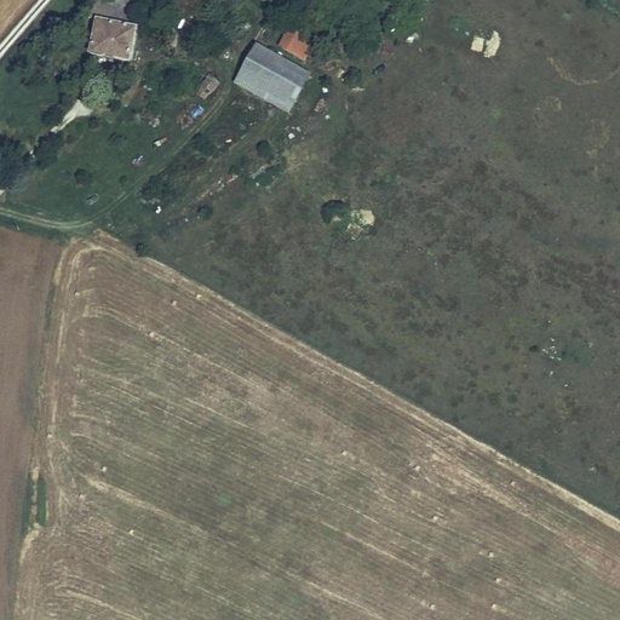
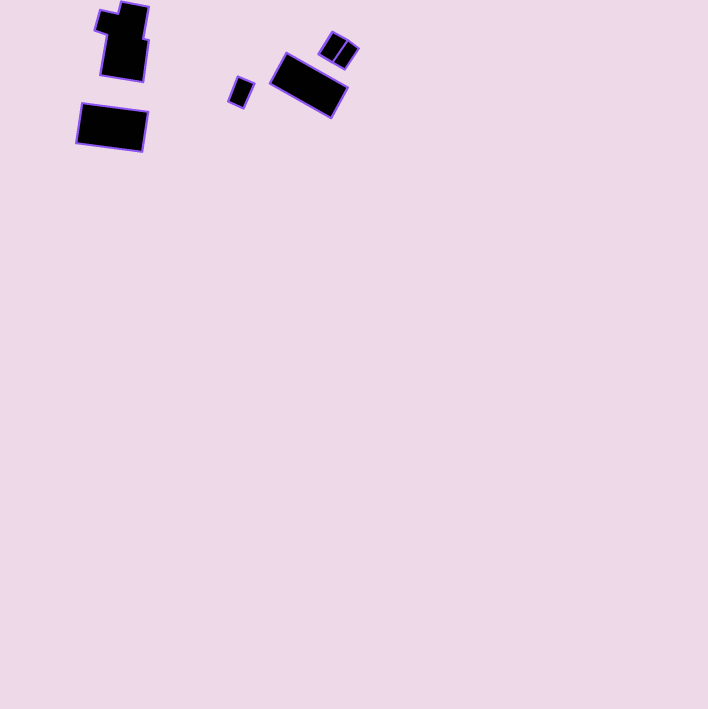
building: none -> [76,103,148,152]

